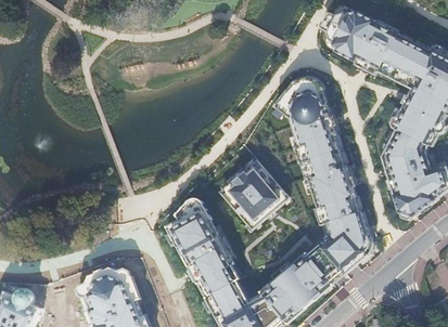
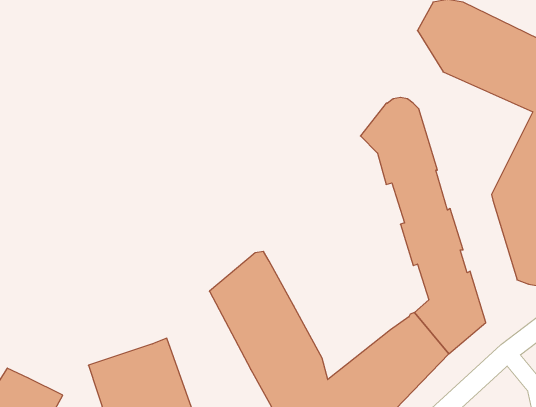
building: [219,159,287,227] -> none

